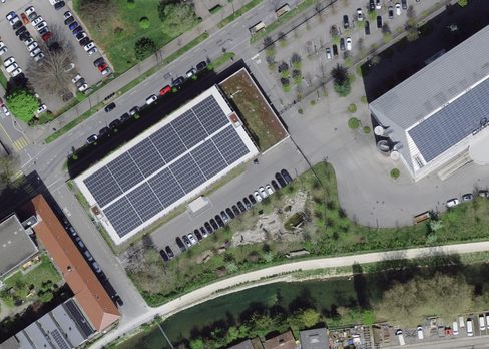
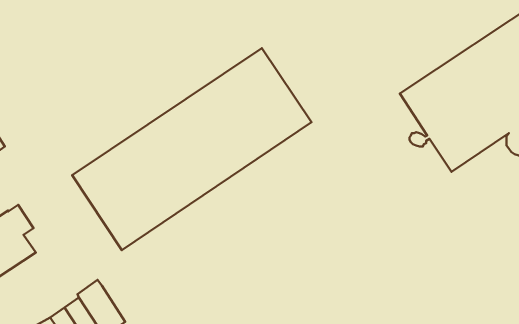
building: [21,196,94,290] -> none

